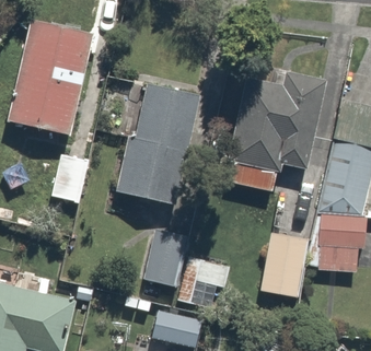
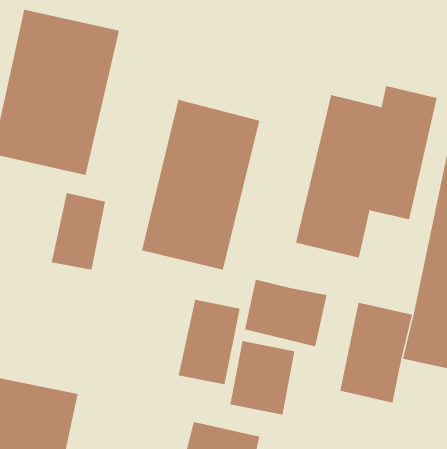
building: none -> [244,279,327,347]

